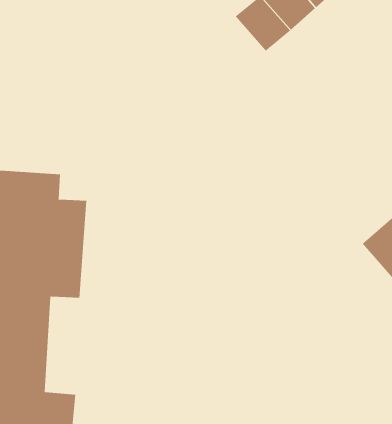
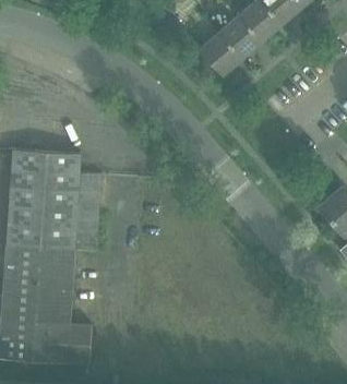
building: none -> [196,31,240,75]

